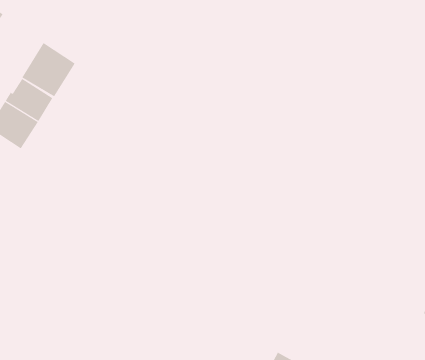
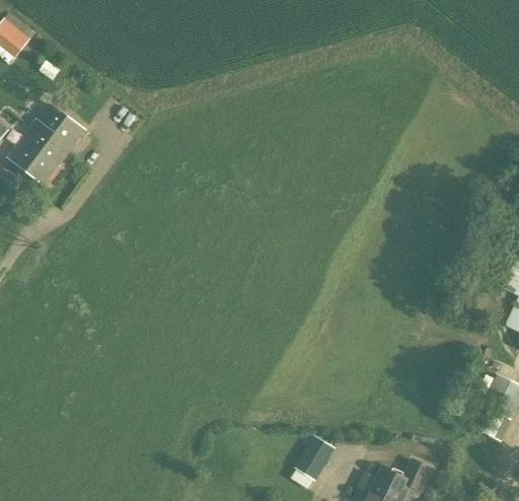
building: [22,42,75,97] -> none

